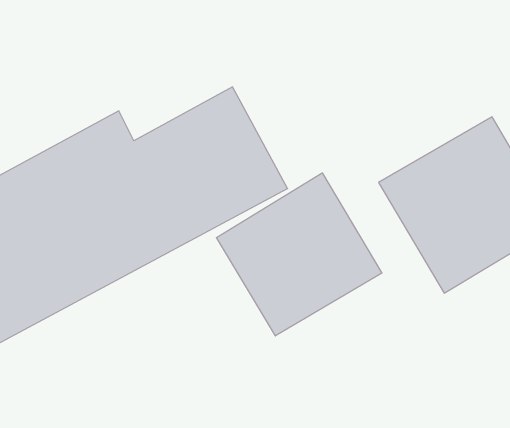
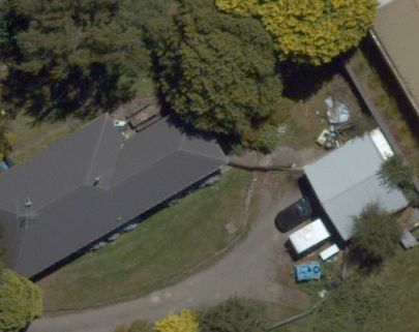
building: [216,173,382,336] -> none

